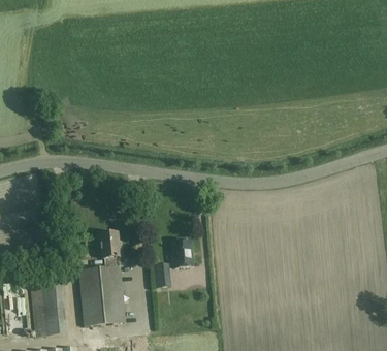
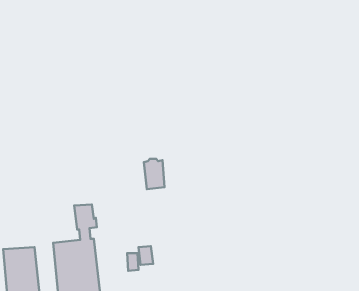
building: [171,237,192,267] -> [144,159,165,189]

